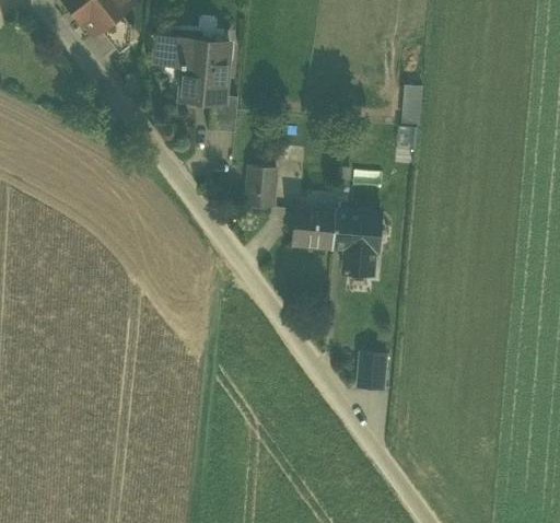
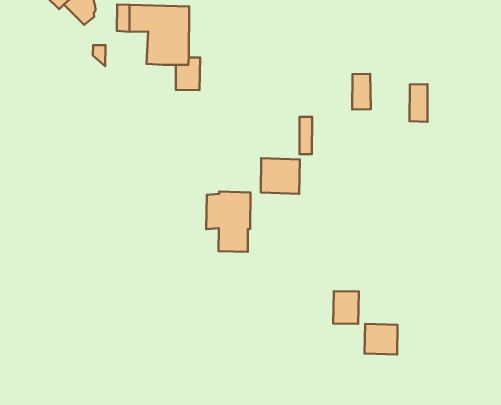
building: [400,84,422,125] -> [410,84,428,122]
building: [247,164,277,207] -> none
building: [331,209,381,275] -> [206,192,250,252]
building: none -> [365,324,398,354]

